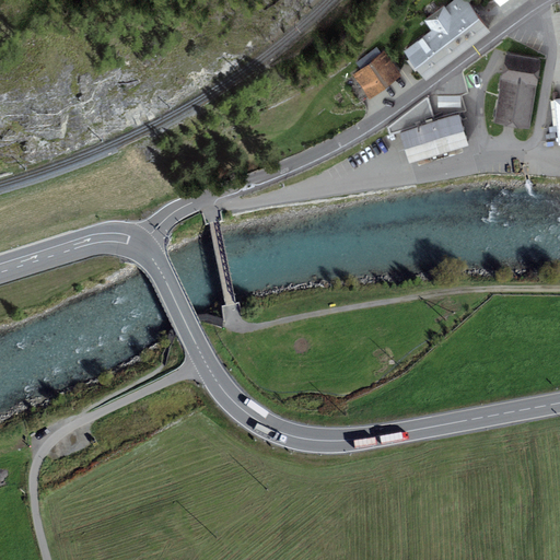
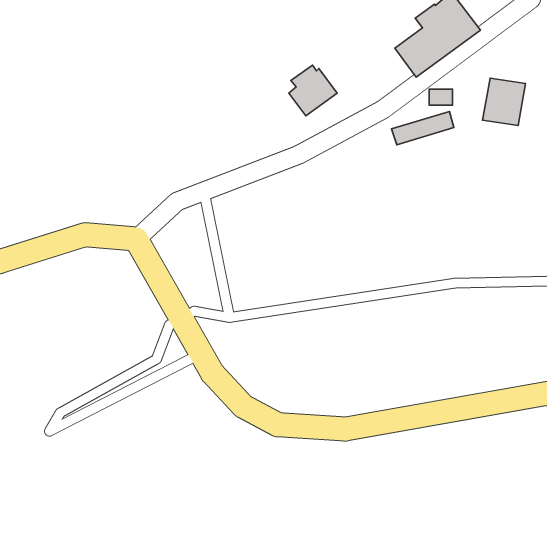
building: [352,46,401,97] -> [289,65,337,116]
building: [500,54,540,85] -> none
building: [405,130,467,163] -> none

